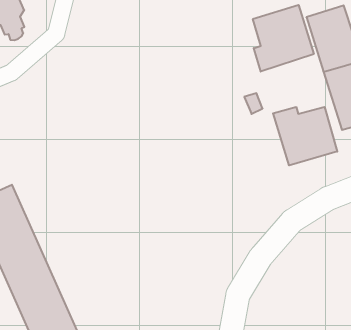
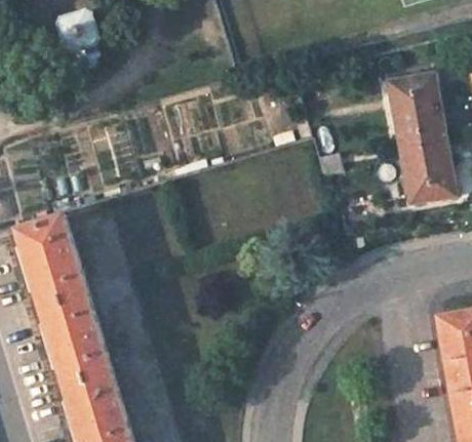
building: [253,5,314,72] -> none
building: [273,107,337,165] -> none

